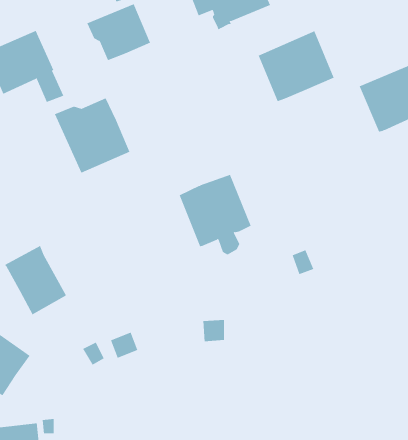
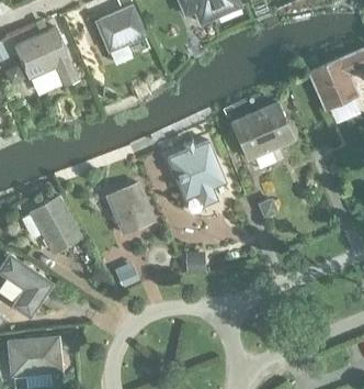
building: [258,30,335,102] -> [232,102,293,158]
building: [54,98,130,173] -> none
building: none -> [105,181,155,234]

